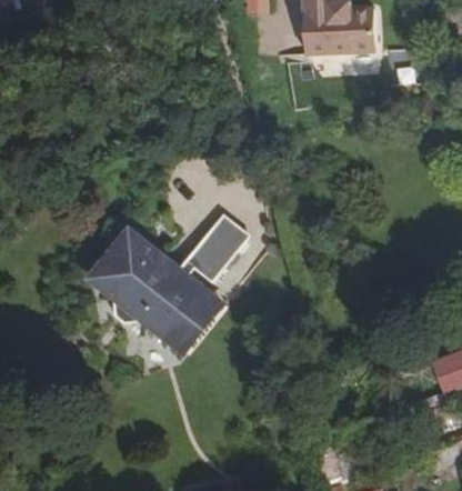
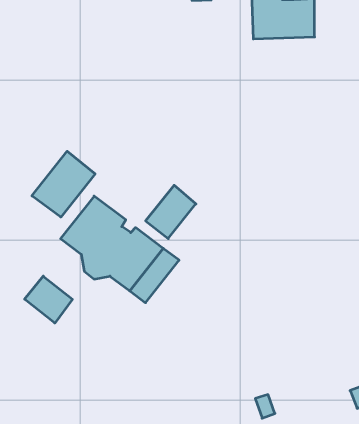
building: none -> [32,151,95,217]
building: none -> [25,276,72,323]

